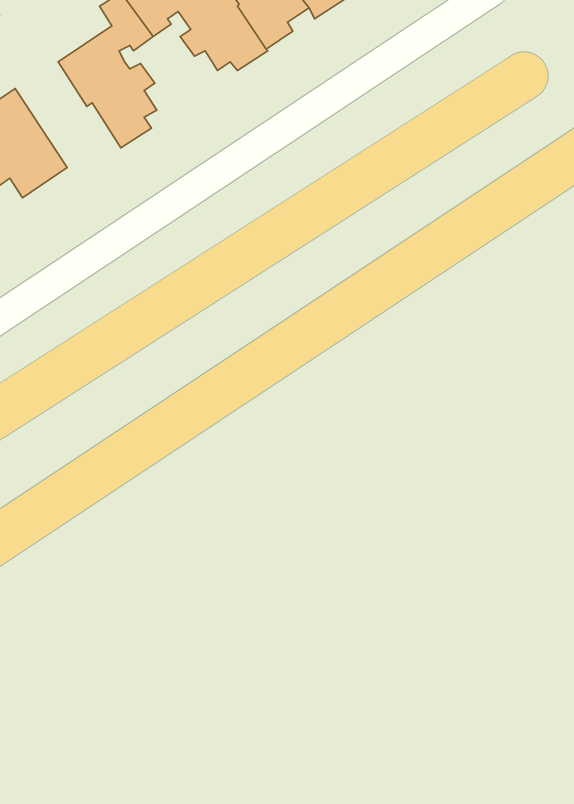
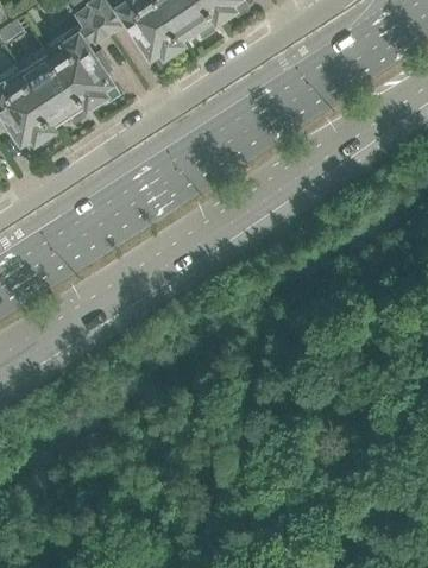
building: none -> [17,49,82,119]

